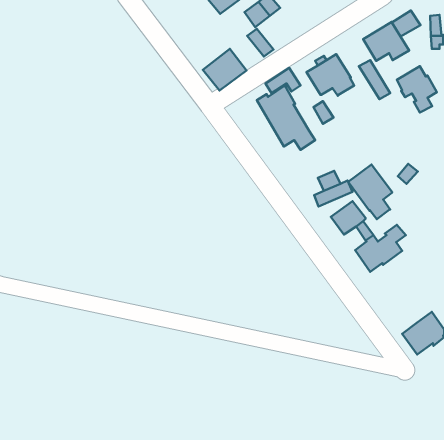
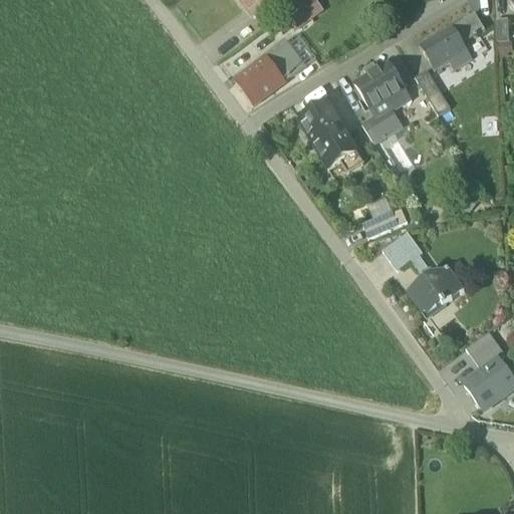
building: none -> [265,41,304,81]
building: [397,66,437,112] -> none
building: none -> [370,101,401,136]
building: [348,164,392,219] -> none
building: none -> [465,332,504,371]

